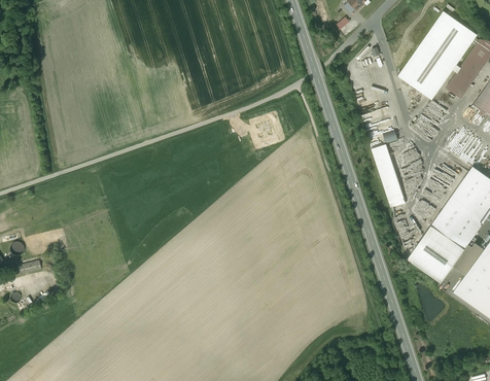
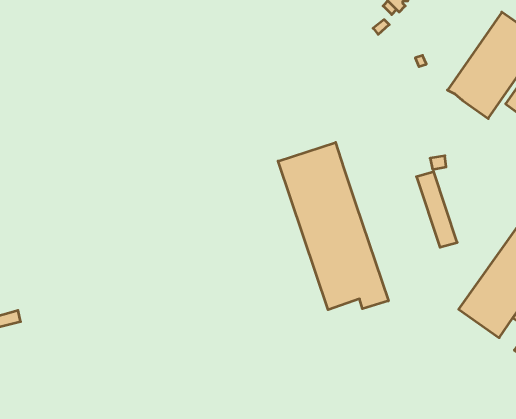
building: none -> [278,142,388,310]

